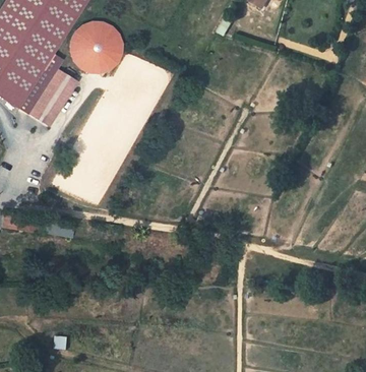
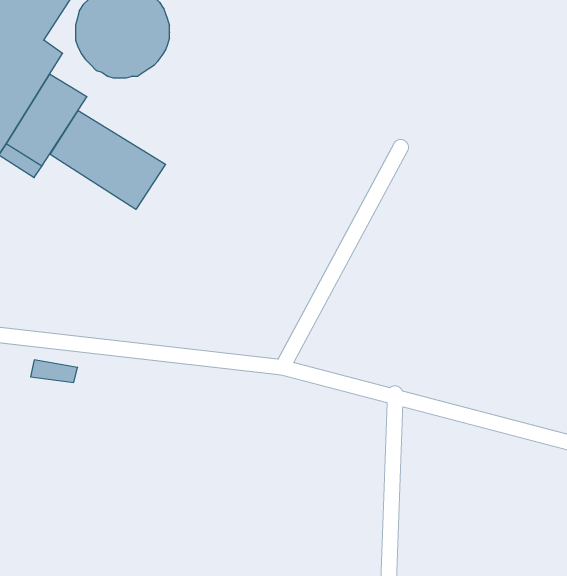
building: none -> [50,110,166,209]

